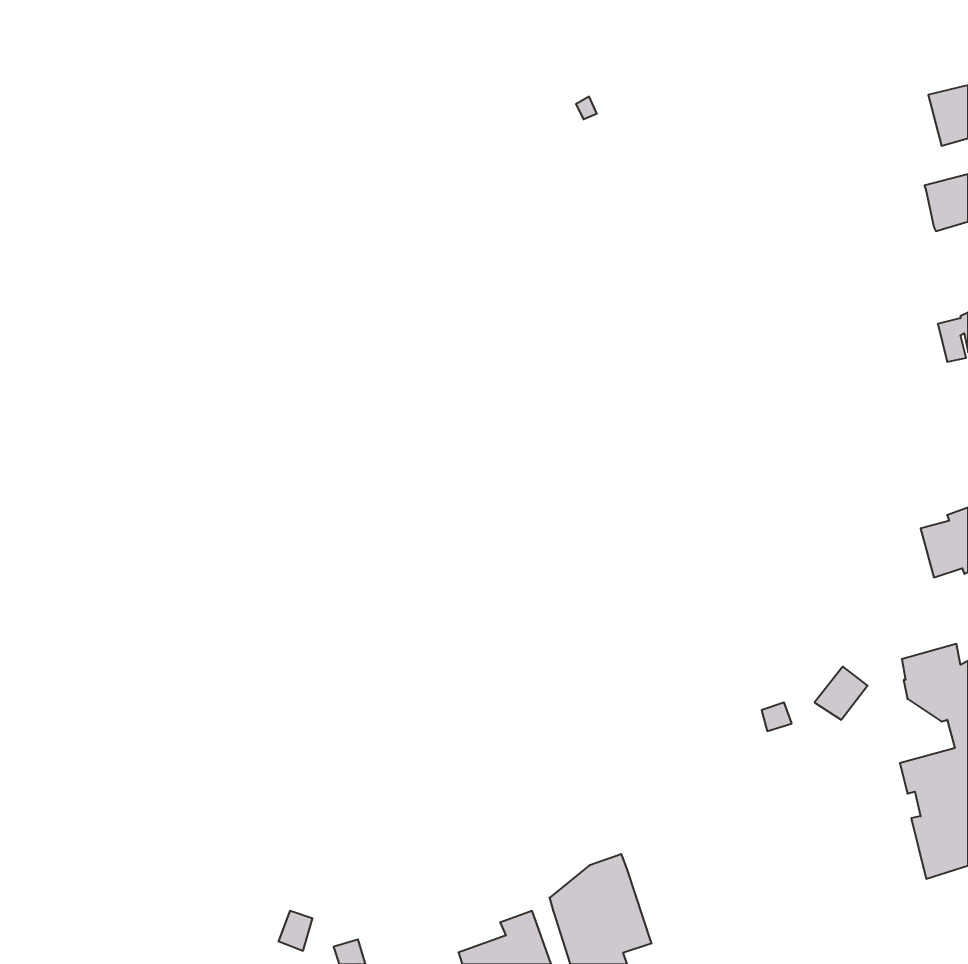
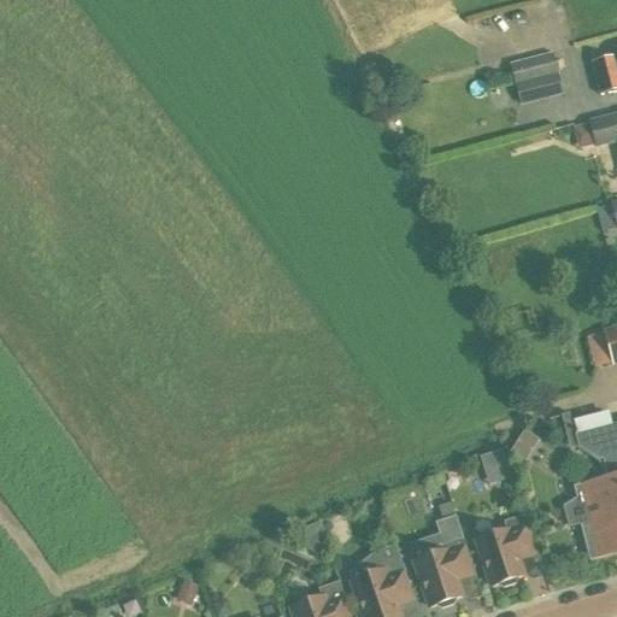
building: none -> [510,51,563,104]
building: none -> [476,513,535,587]
building: none -> [415,515,472,607]

